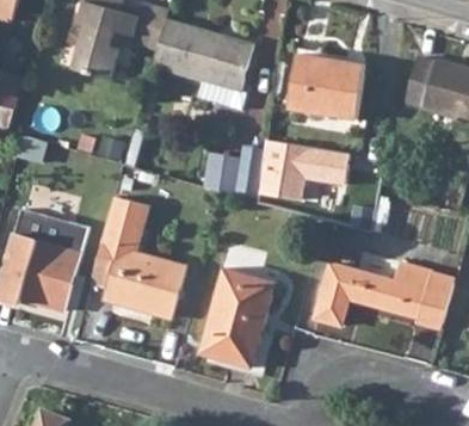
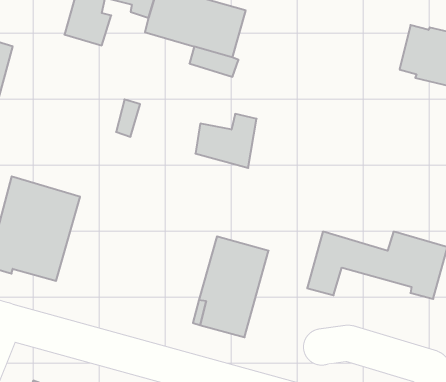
building: [288,54,365,118] -> none
building: [259,142,350,200] -> none
building: [90,196,184,317] -> none

